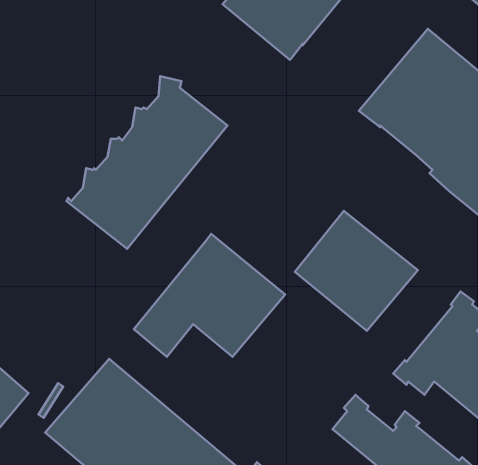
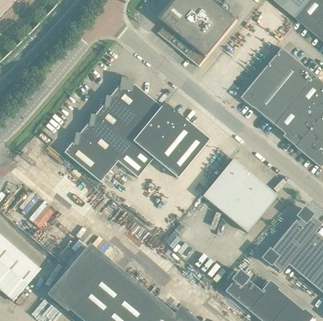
building: [134,234,285,357] -> [117,102,209,177]

